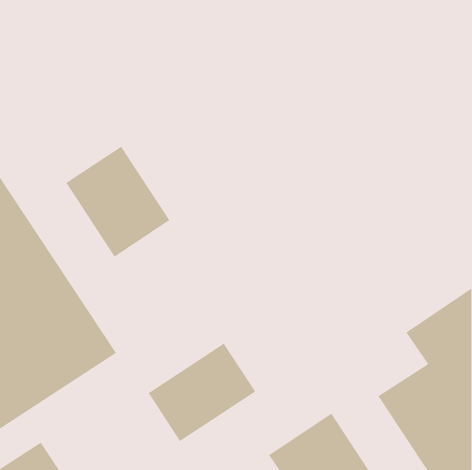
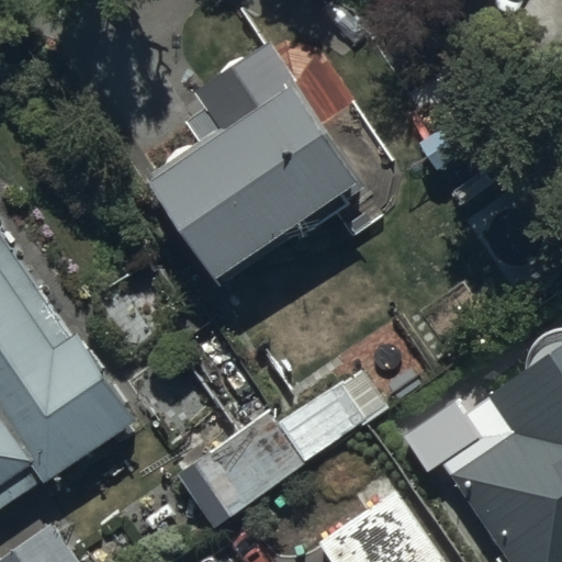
building: none -> [146,76,360,278]
building: [65,146,170,257] -> none

